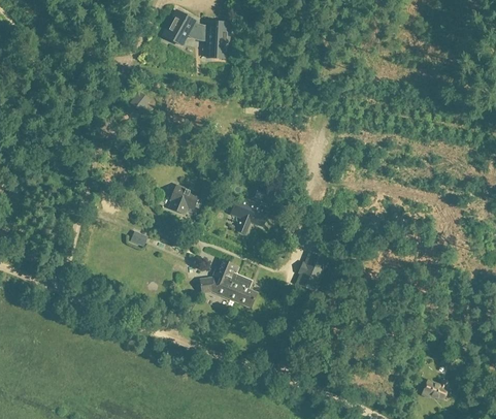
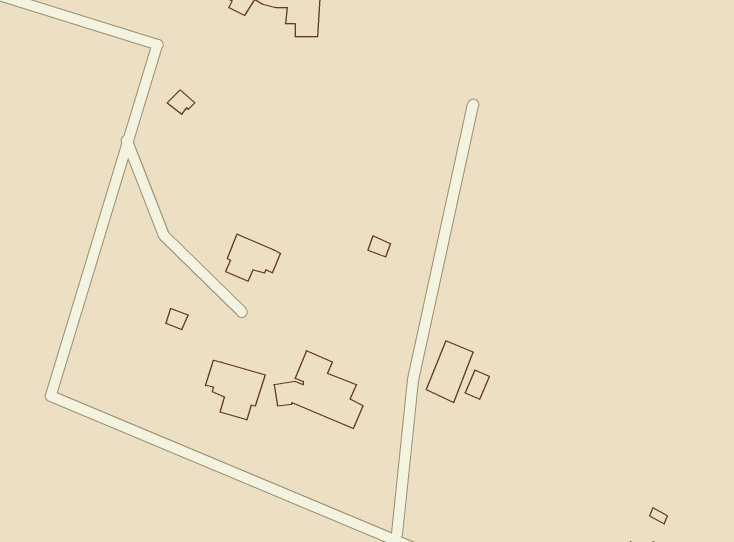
building: [230,202,266,234] -> none
building: none -> [206,360,265,420]

